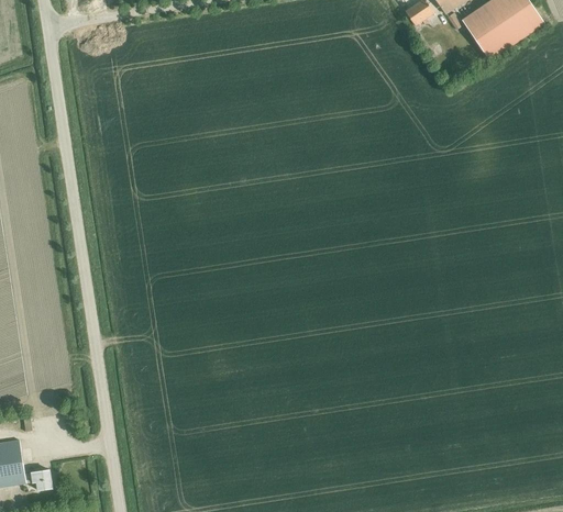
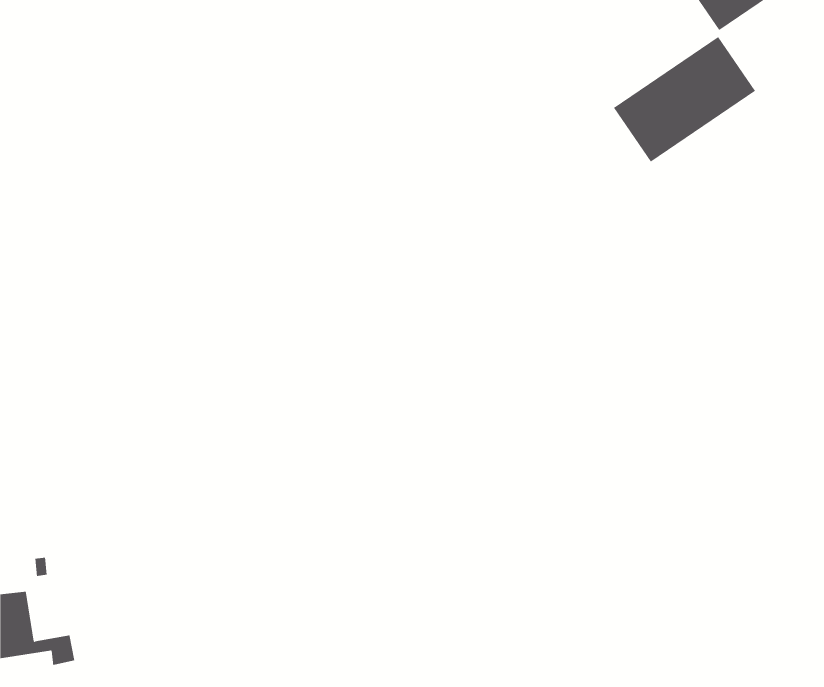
building: none -> [613,36,756,162]

